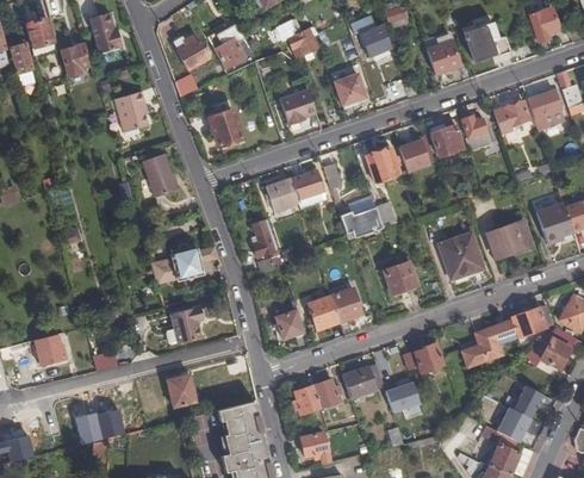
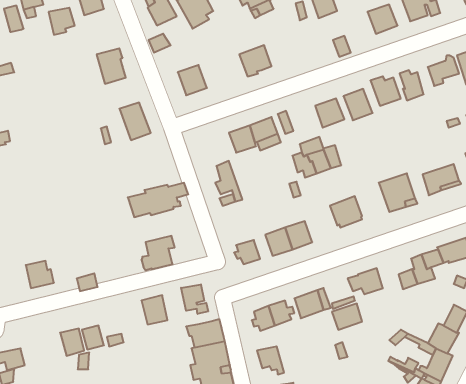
building: [334,75,365,105] -> none
building: none -> [181,284,208,314]

